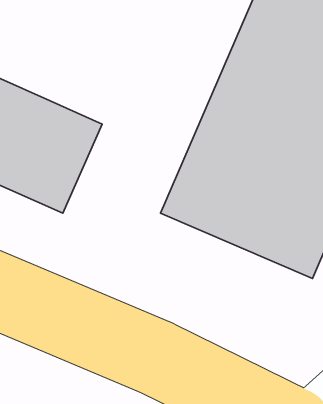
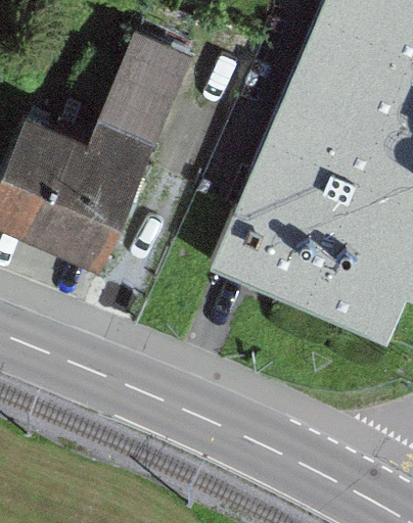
building: none -> [84,36,191,170]

